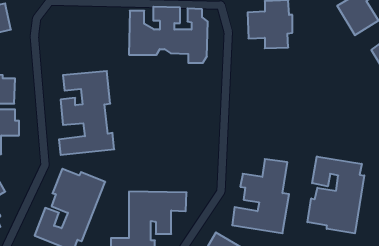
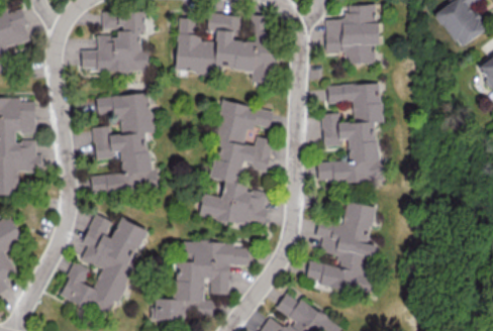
building: none -> [81,11,147,72]
building: none -> [317,82,382,184]
building: none -> [199,101,273,224]
building: [307,156,364,233] -> none

